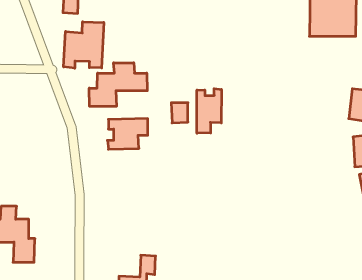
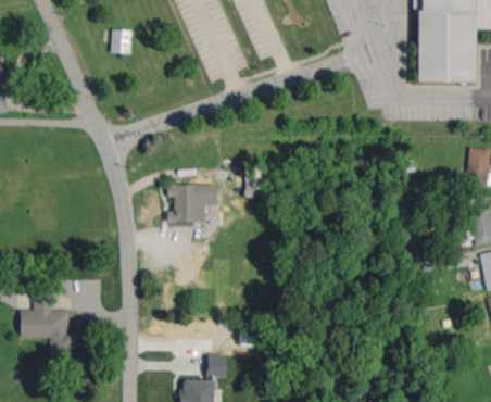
building: [64,22,104,68] -> none
building: [89,63,147,106] -> none
building: [197,89,221,133] -> none

